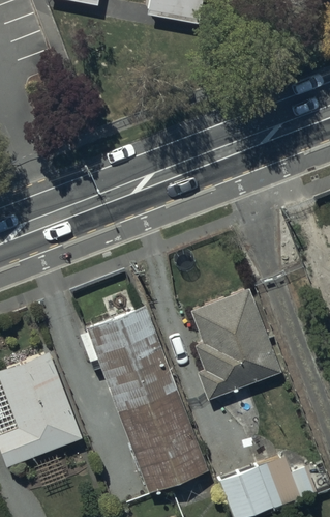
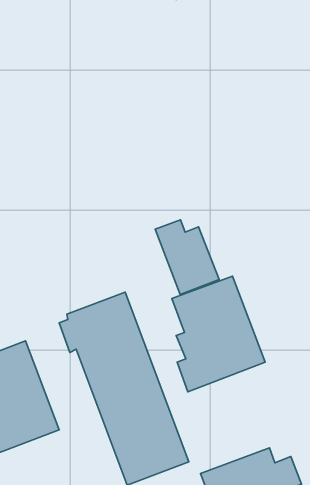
building: none -> [155,220,219,295]

